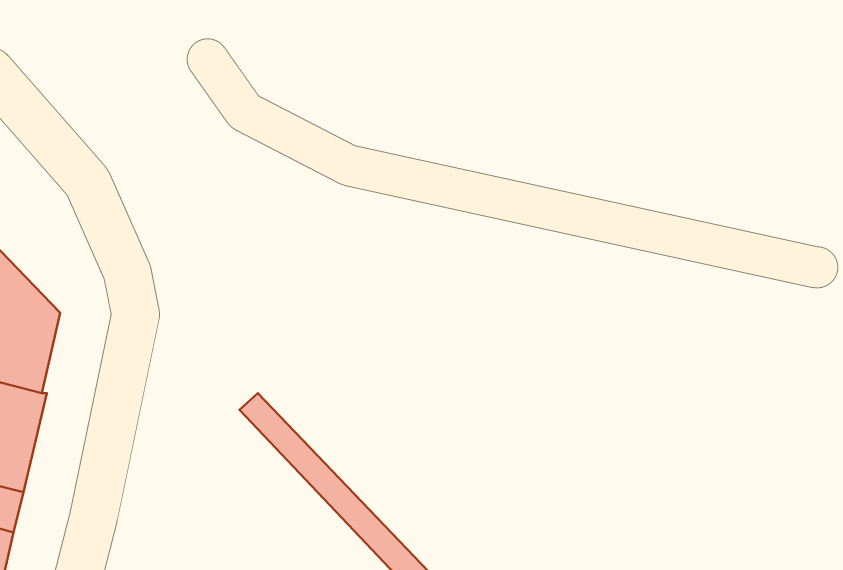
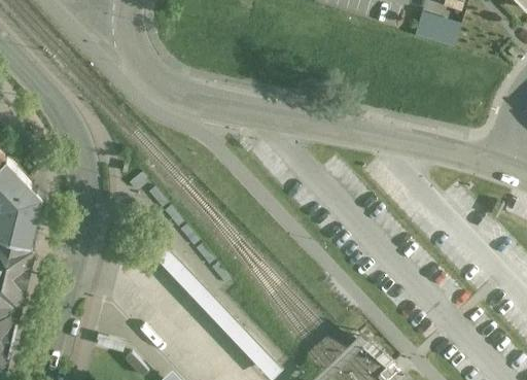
building: none -> [414,11,459,44]

